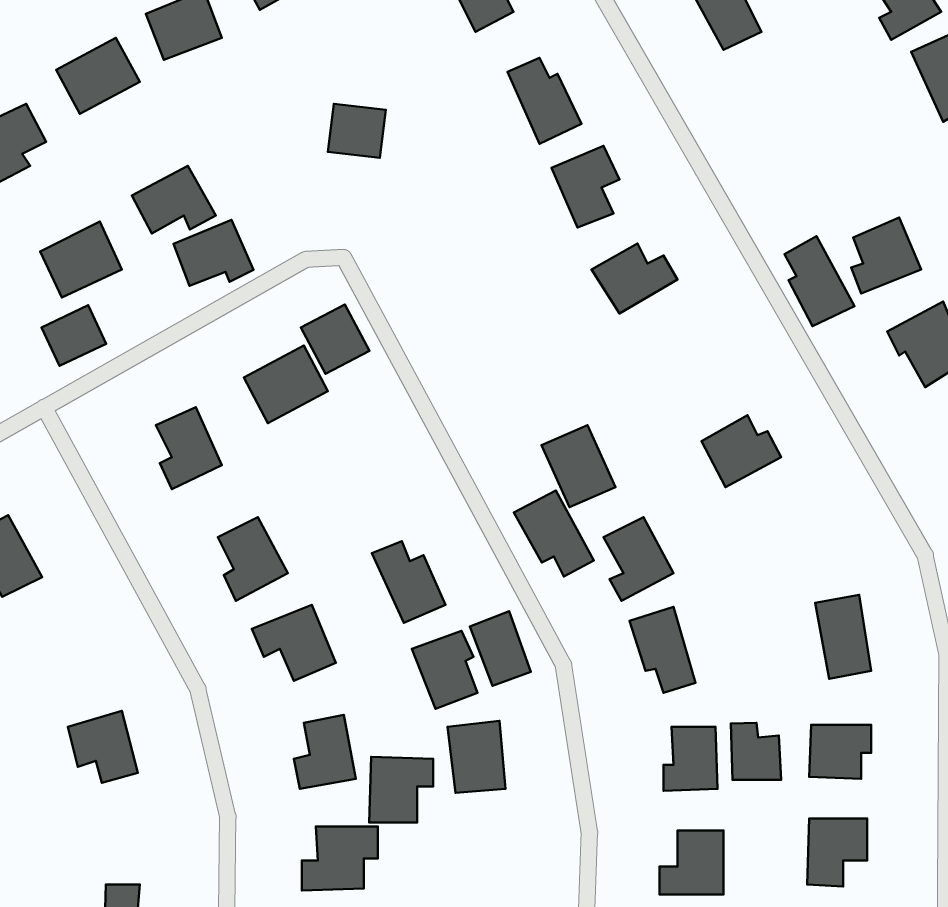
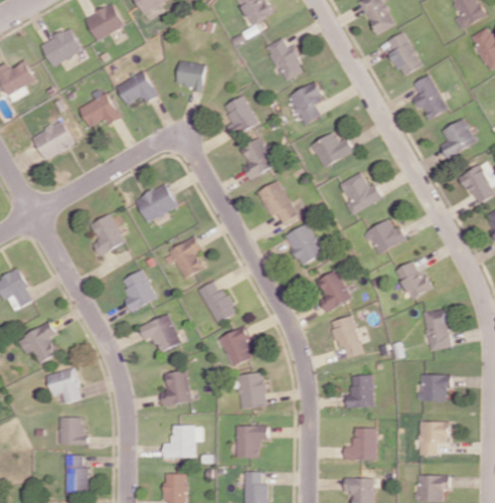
building: none -> [387,31,423,76]
building: none -> [224,96,259,136]
building: [174,220,253,286] -> [117,71,157,105]
building: [784,236,854,326] -> [412,74,448,120]
building: none -> [241,139,275,179]
building: [301,305,369,374] -> none
building: [41,305,106,366] -> none
building: none -> [339,172,381,214]
building: none -> [163,238,203,278]
building: [514,491,594,577] -> [257,180,297,223]
building: none -> [395,260,431,300]
building: [470,611,531,686] -> none
building: none -> [16,321,57,364]
building: [731,723,781,780] -> none
building: [369,757,433,823] -> [235,425,268,458]
building: none -> [58,416,87,445]

